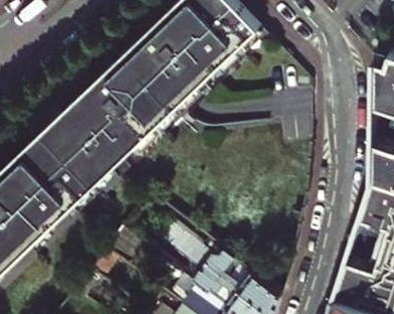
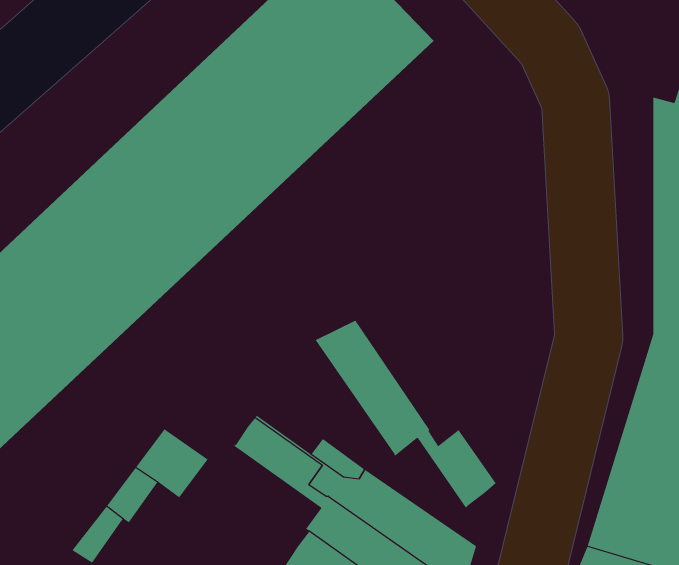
building: none -> [315,320,496,509]

